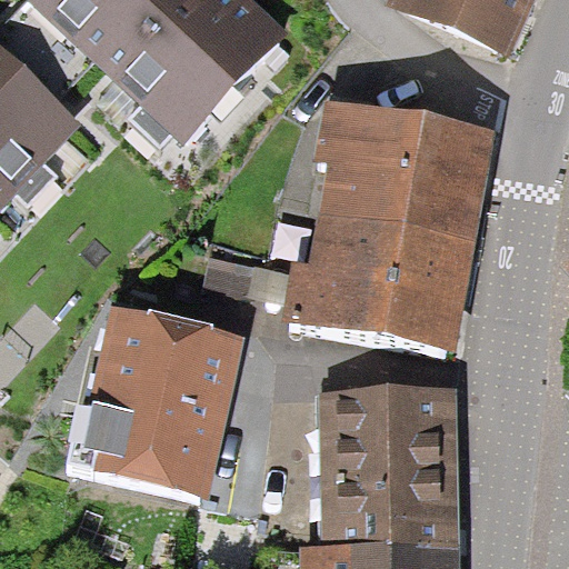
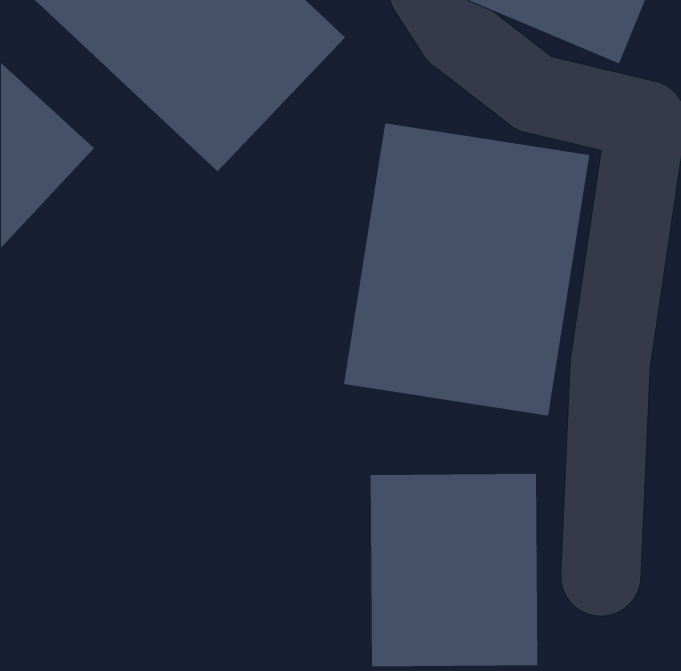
building: [76,303,243,490] -> none

